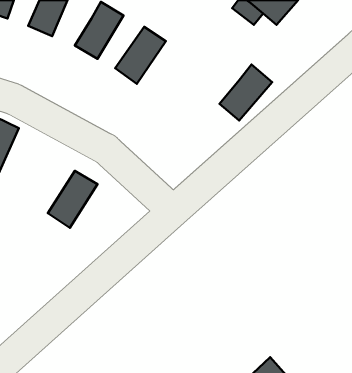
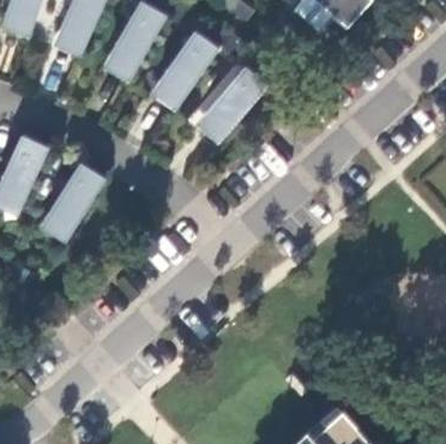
building: [219,65,272,121] -> [206,66,267,131]
building: [48,171,98,228] -> [48,163,106,229]

